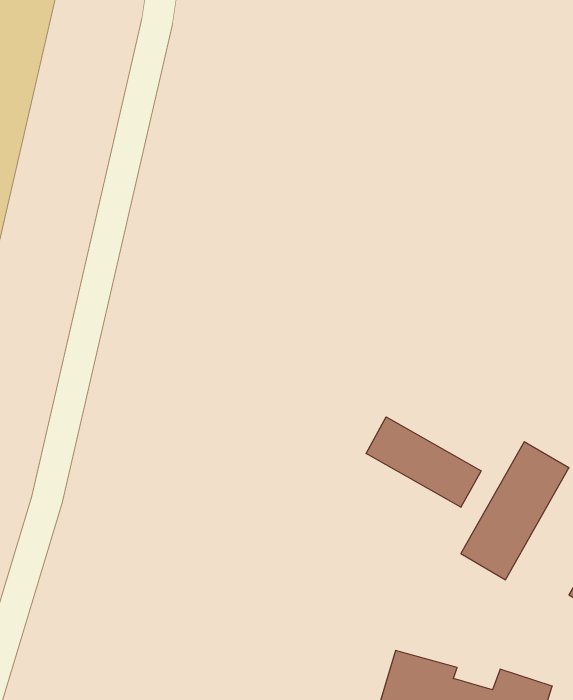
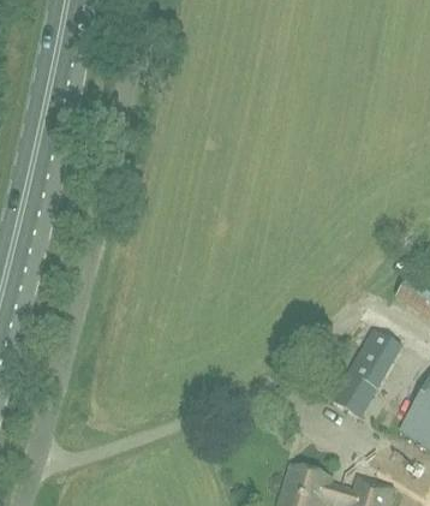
building: [366,417,481,507] -> none

